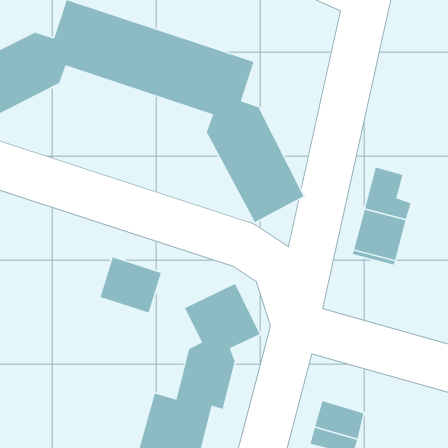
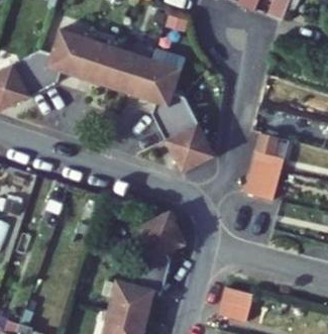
building: [99,256,162,313] -> none

